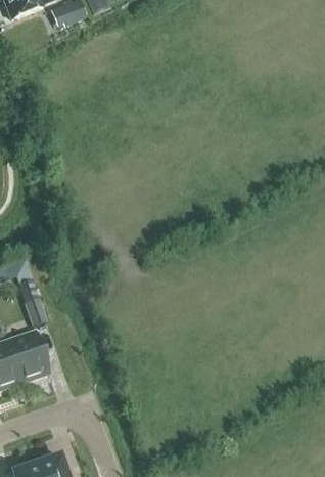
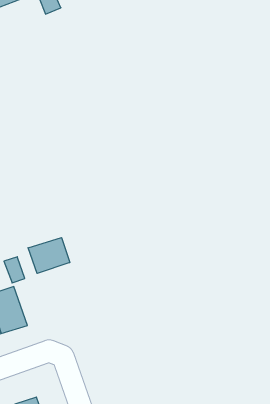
building: none -> [28,238,70,273]

